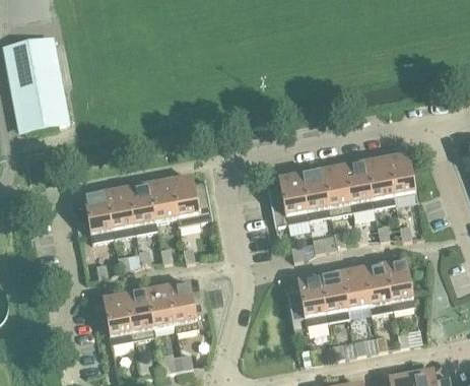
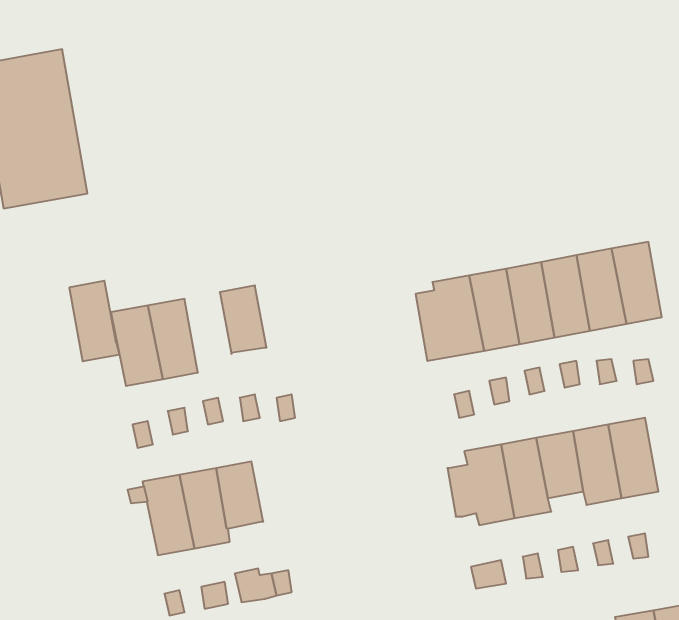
building: [171,175,213,224] -> none
building: [128,183,158,232] -> [69,281,119,361]
building: [169,281,199,330] -> none

